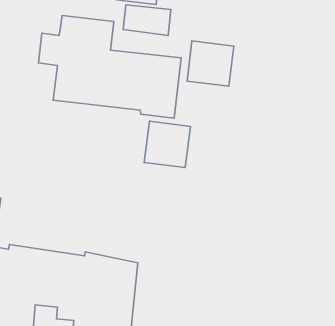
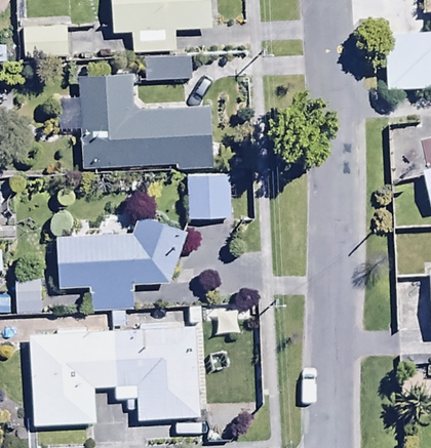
building: [187,41,234,86] -> none
building: none -> [57,215,186,320]

